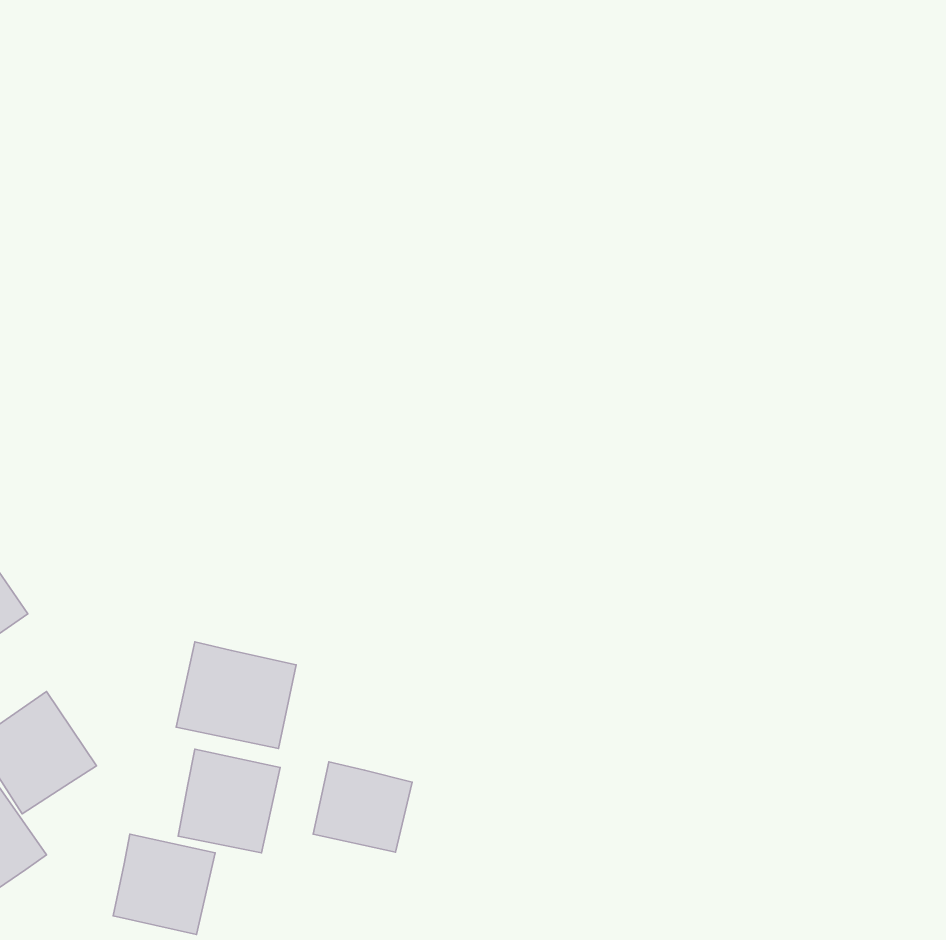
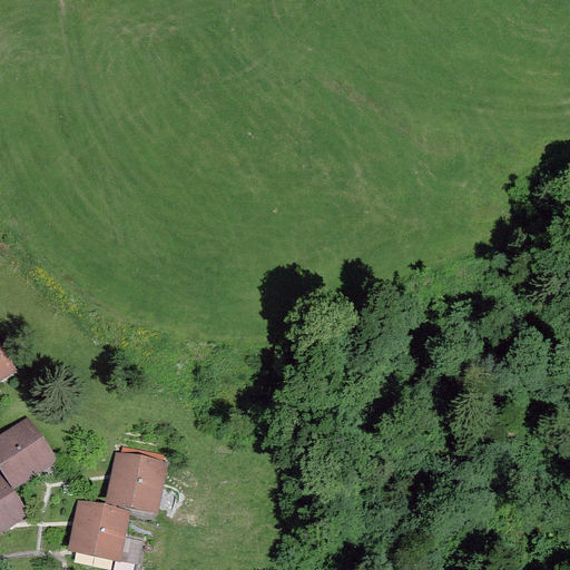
building: [176,642,296,749] -> none
building: [313,762,412,852] -> none

